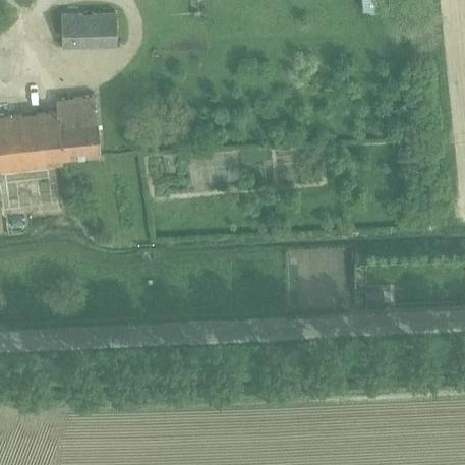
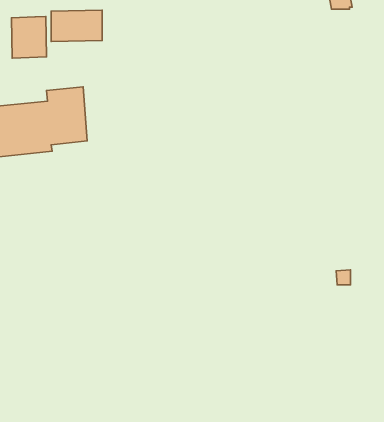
building: none -> [11,17,47,58]

